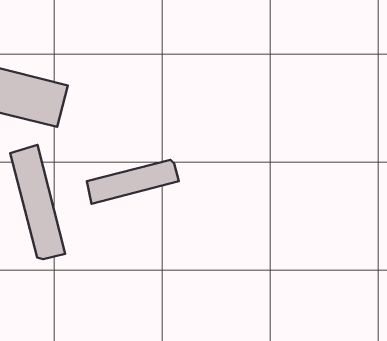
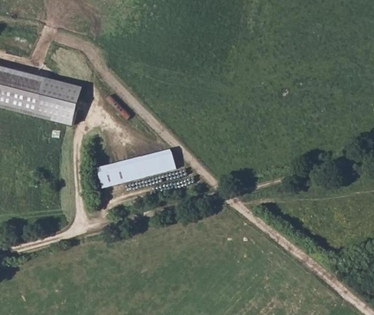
building: [10,145,65,259] -> none

